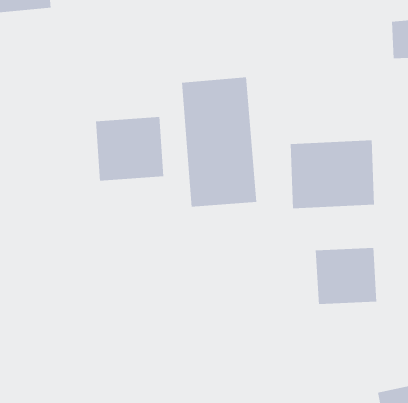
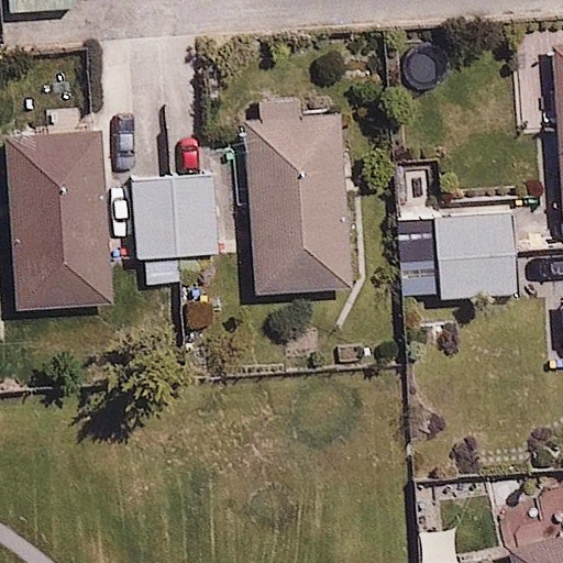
building: none -> [12,131,113,307]
building: [315,247,377,305] -> none

